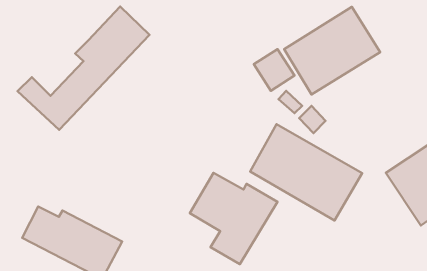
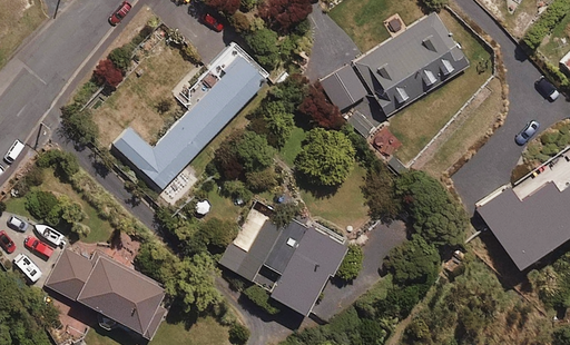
building: [18,6,150,130] -> [114,45,269,190]
building: [250,124,362,221] -> none

